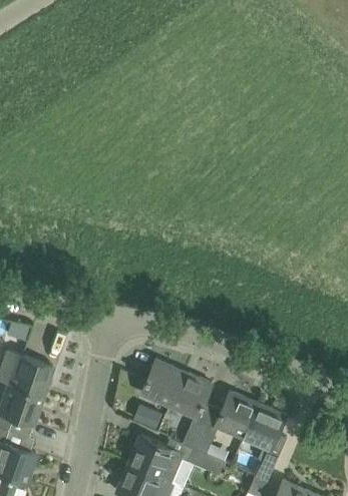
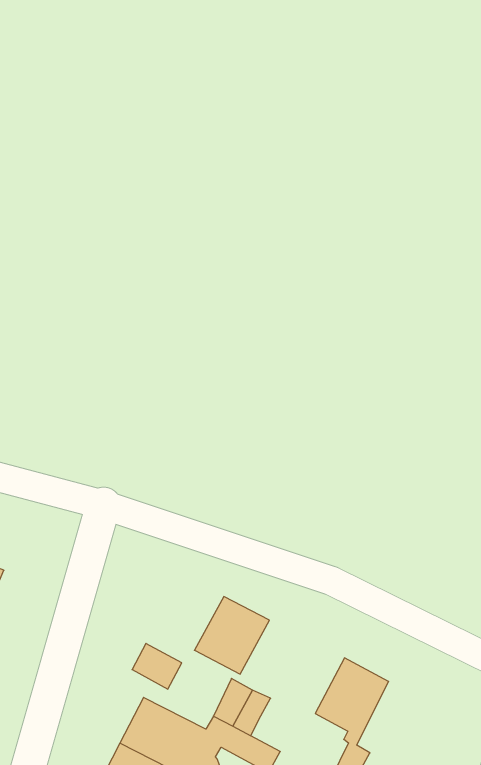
building: [142,360,185,406] -> none
building: [216,392,259,438] -> none

